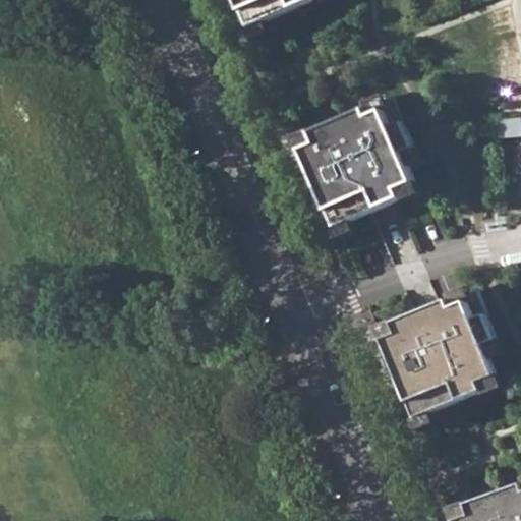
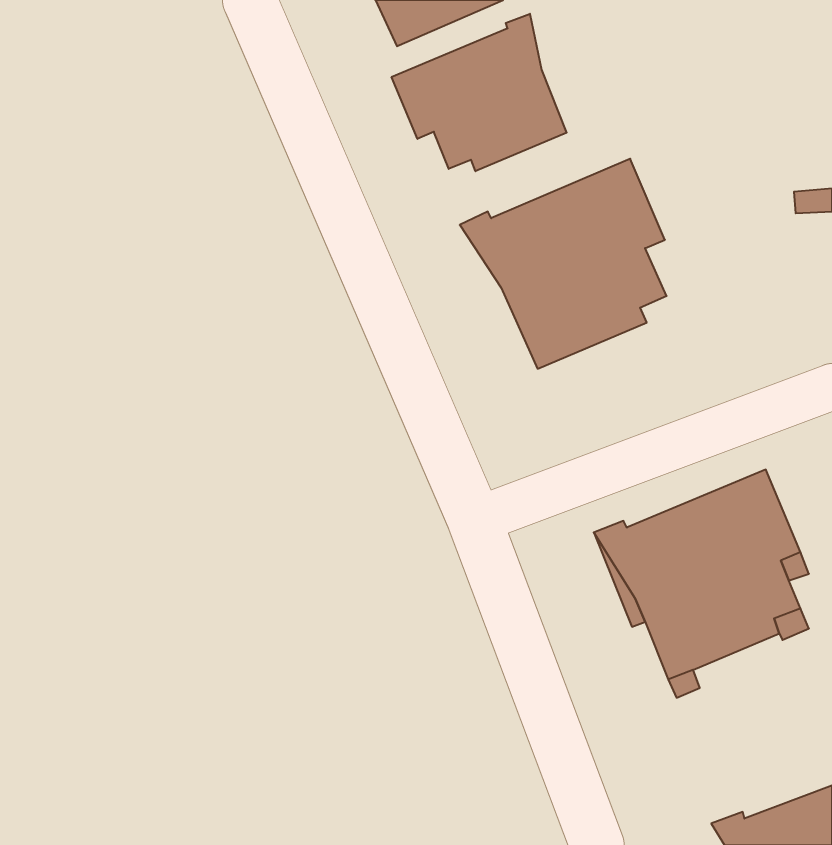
building: none -> [392,14,567,171]

